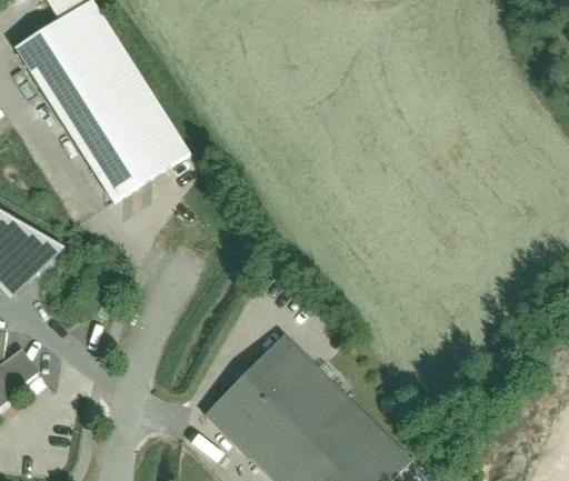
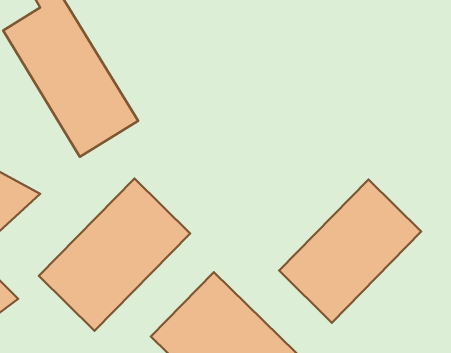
building: none -> [39,178,190,331]
building: none -> [279,179,421,323]

